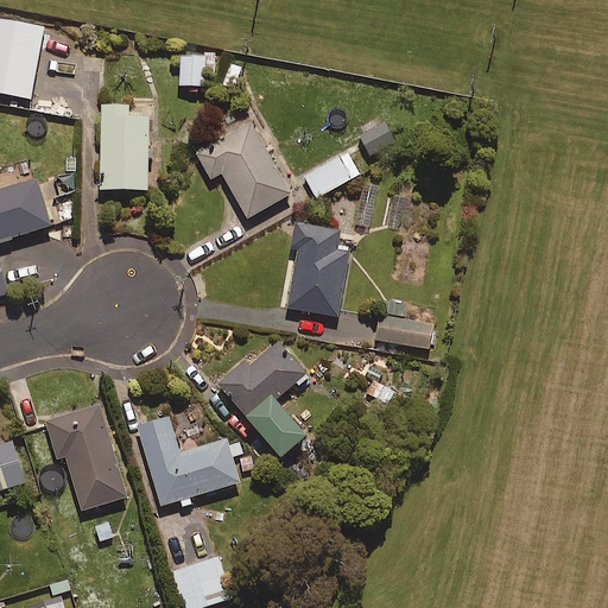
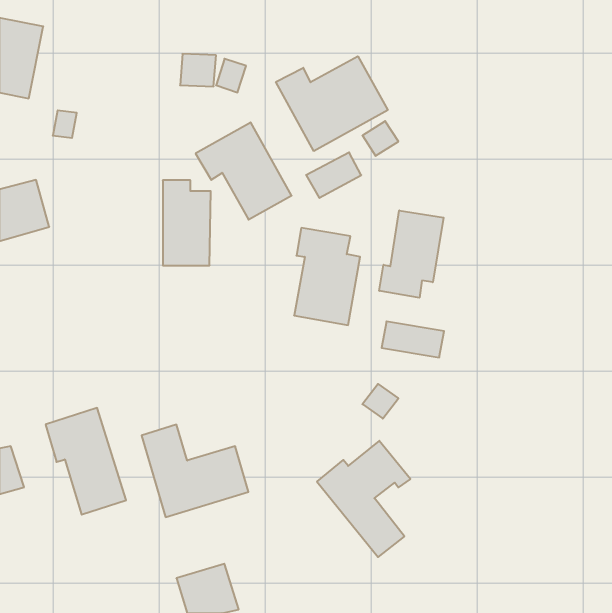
building: none -> [276,56,388,151]
building: [100,103,147,188] -> [163,180,211,265]
building: none -> [379,210,444,298]
building: [217,340,310,455] -> [317,441,410,557]

